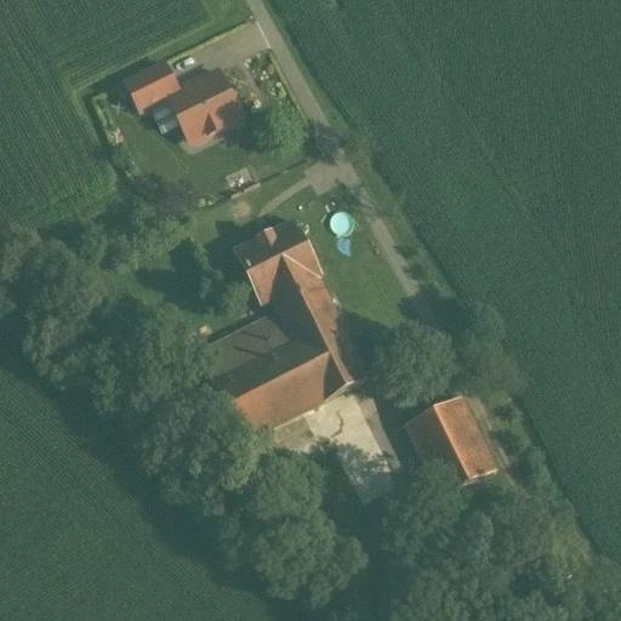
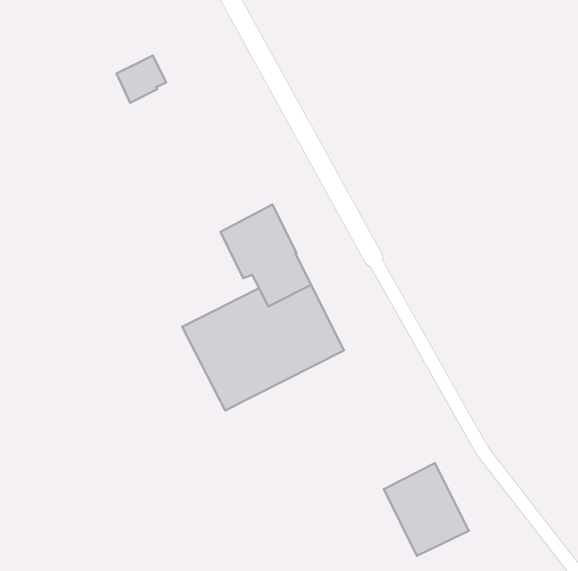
building: [167,69,240,136] -> none
building: [405,395,496,495] -> [384,463,469,556]

